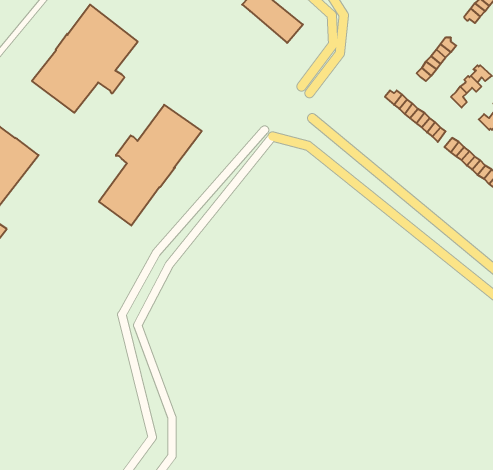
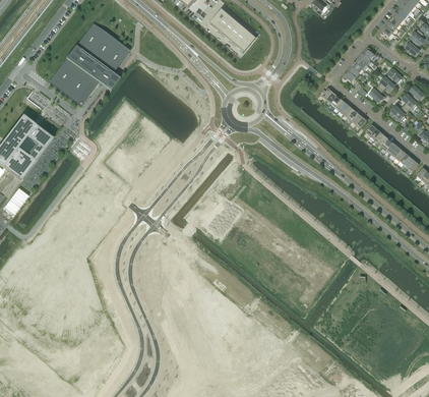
building: [99,105,202,226] -> none

